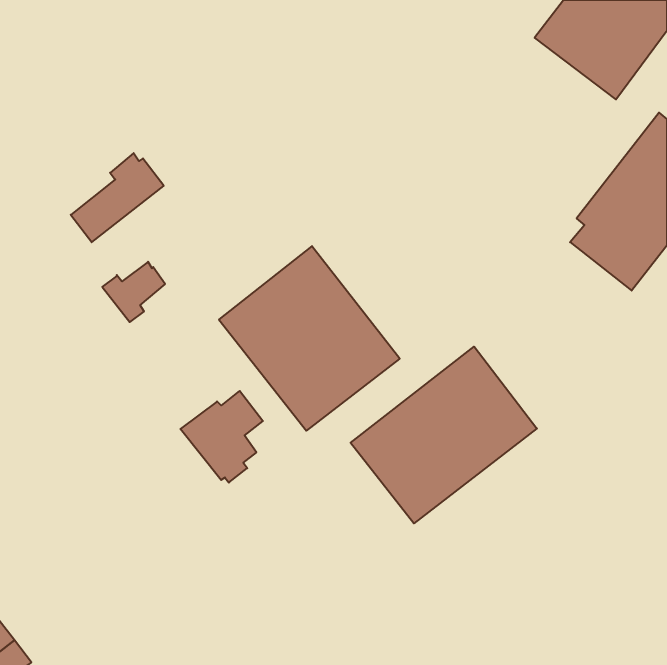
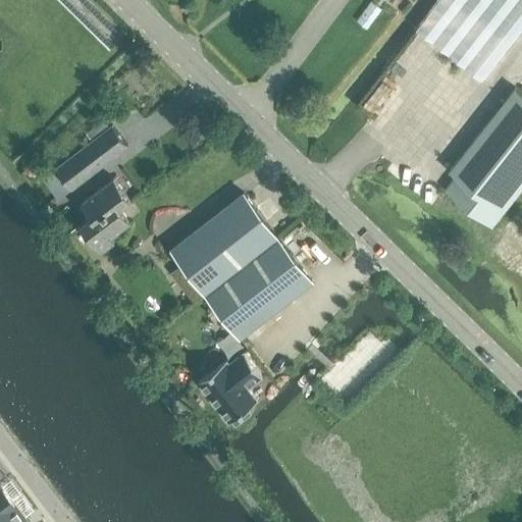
building: none -> [82,181,129,222]
building: [351,347,537,523] -> none
building: [180,391,263,483] -> [197,354,261,425]

